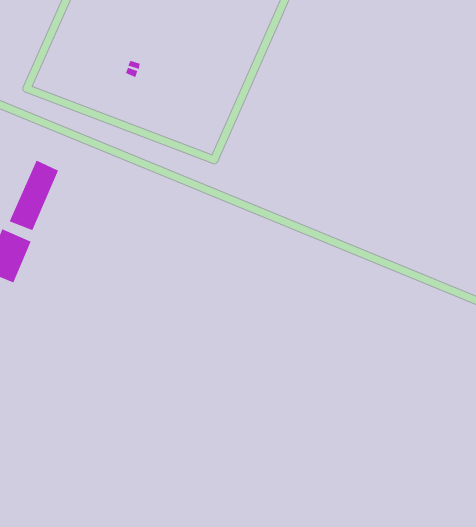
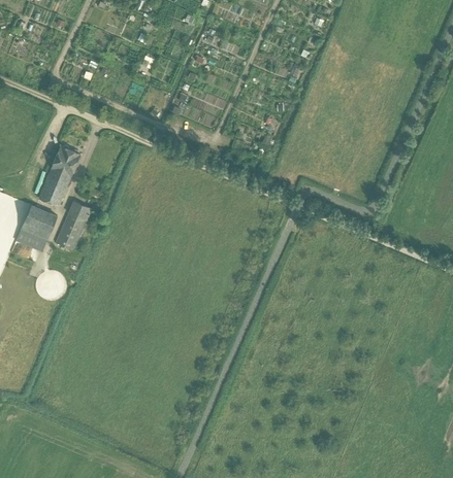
building: none -> [55,200,91,249]

